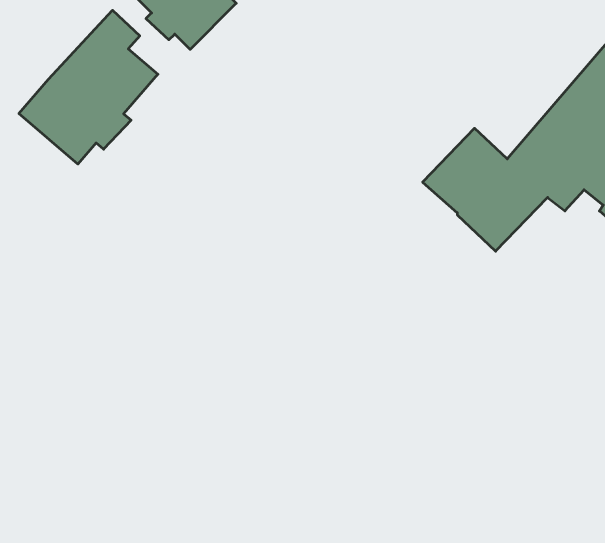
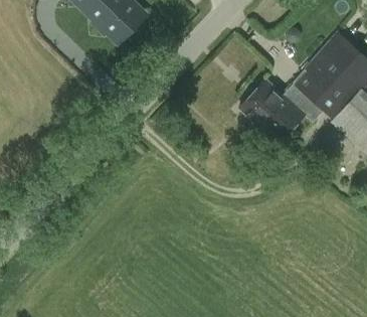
building: [19,10,158,164] -> none

